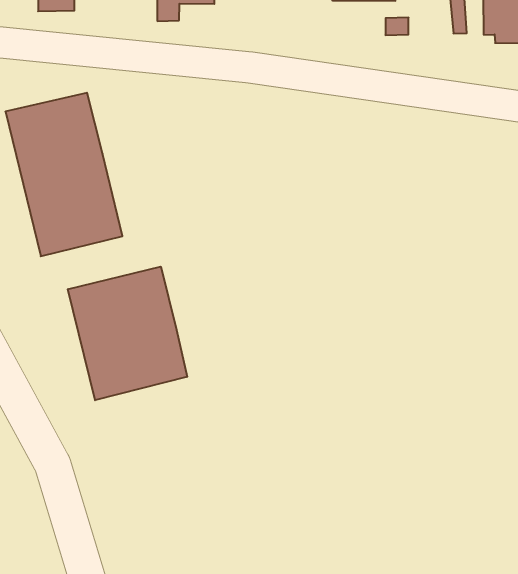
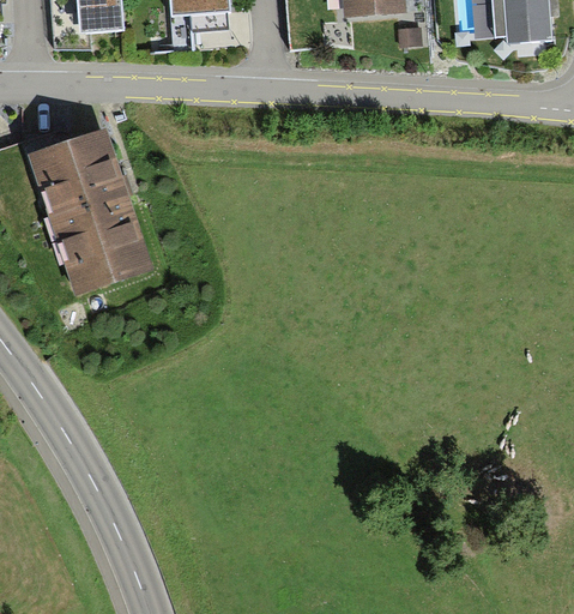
building: [68,267,187,400] -> none

